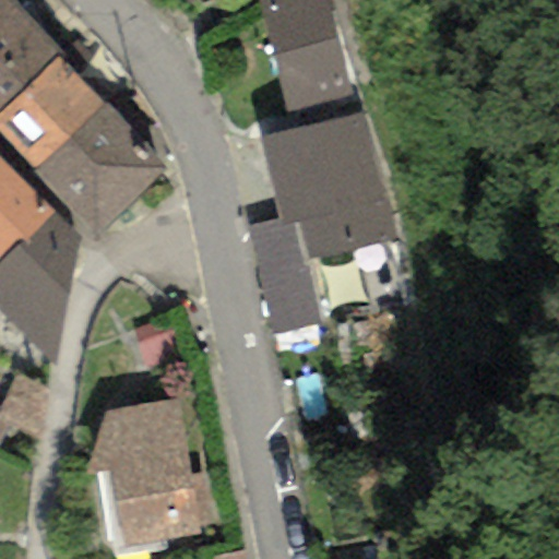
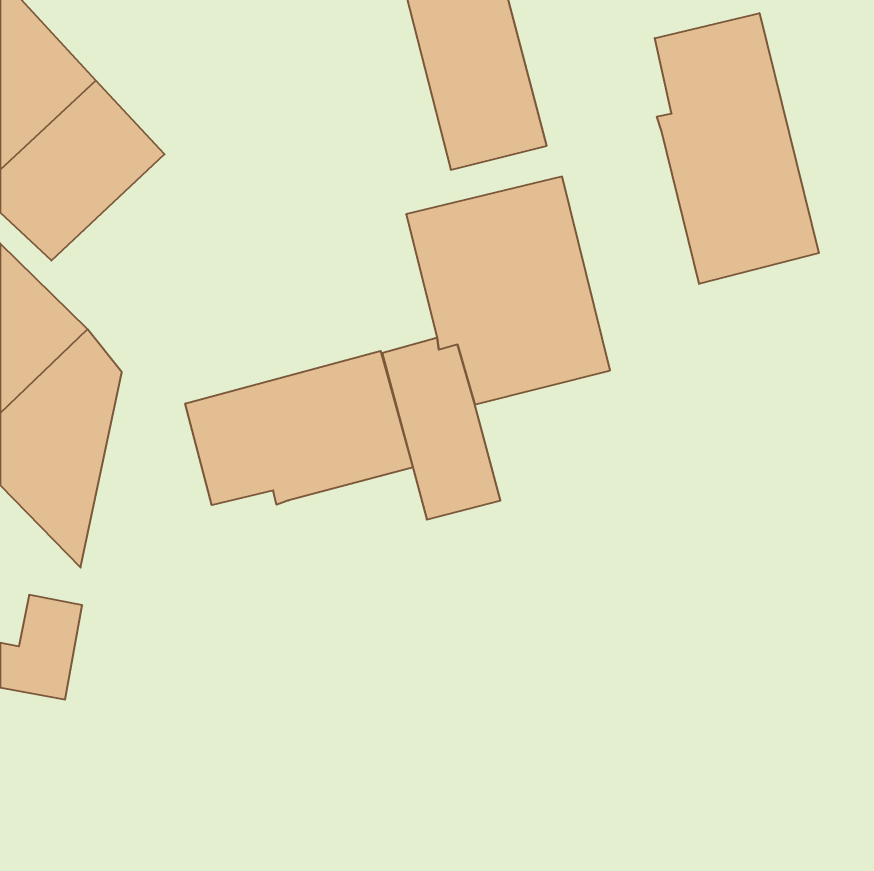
building: none -> [655,13,819,284]
building: [34,98,162,238] -> none
building: none -> [185,351,413,505]
building: [84,399,201,543] -> none

